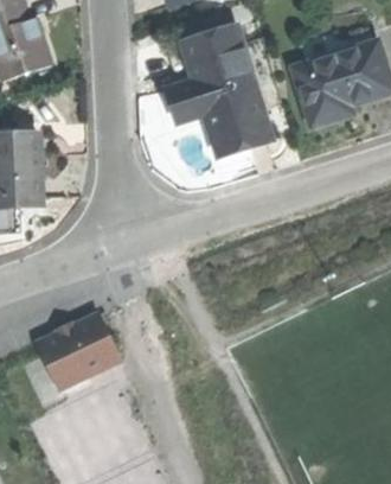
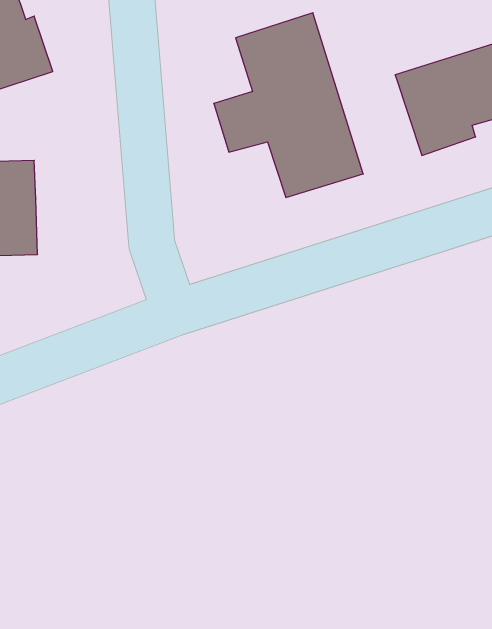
building: [32,308,124,391] -> none

